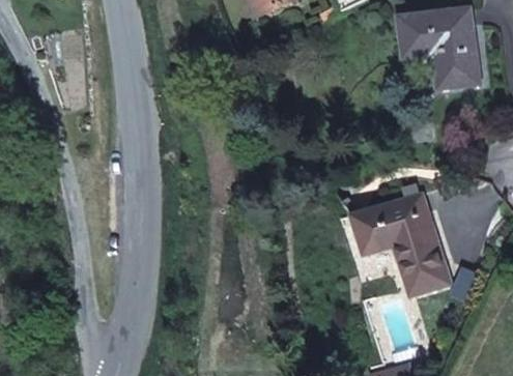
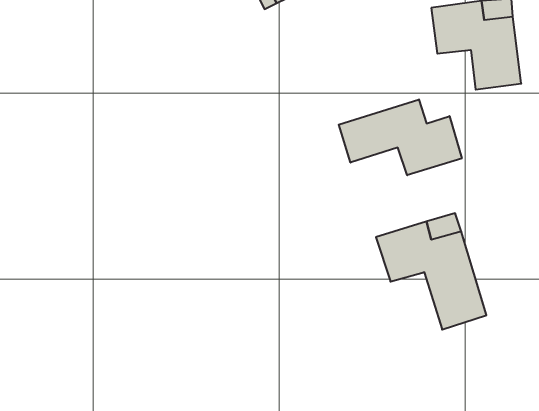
building: none -> [339,99,462,175]

